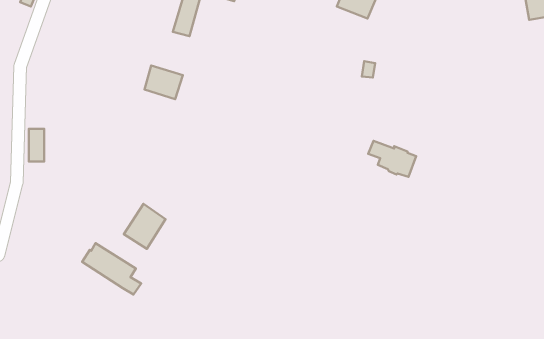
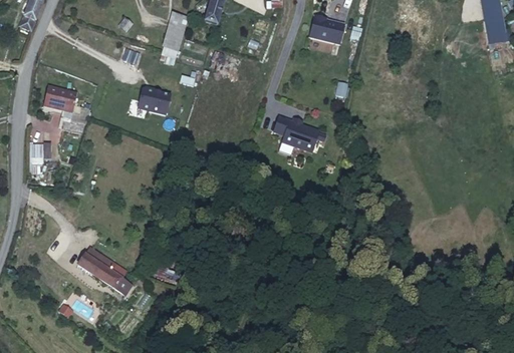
building: none -> [43,86,76,113]
building: [368,141,416,177] -> [273,119,317,152]
building: [124,204,165,249] -> none

